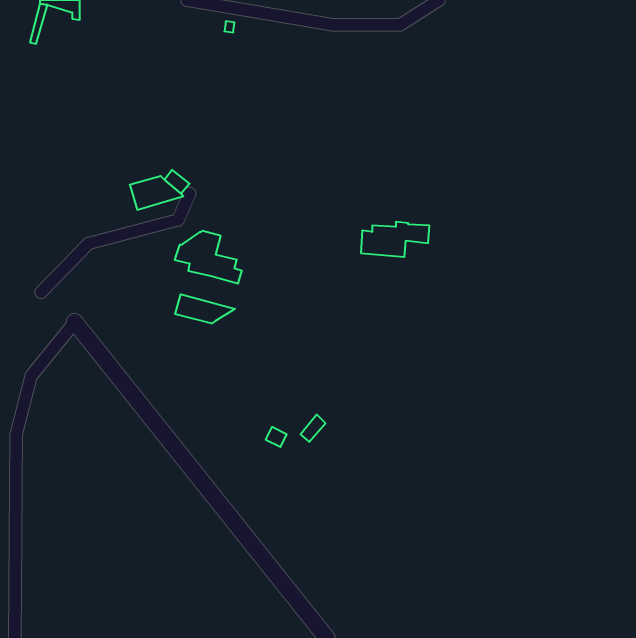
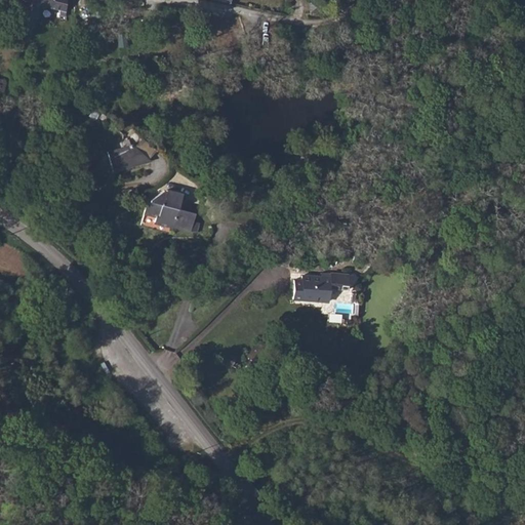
building: [361,222,429,257] -> [293,273,350,301]
building: [175,294,235,324] -> none

